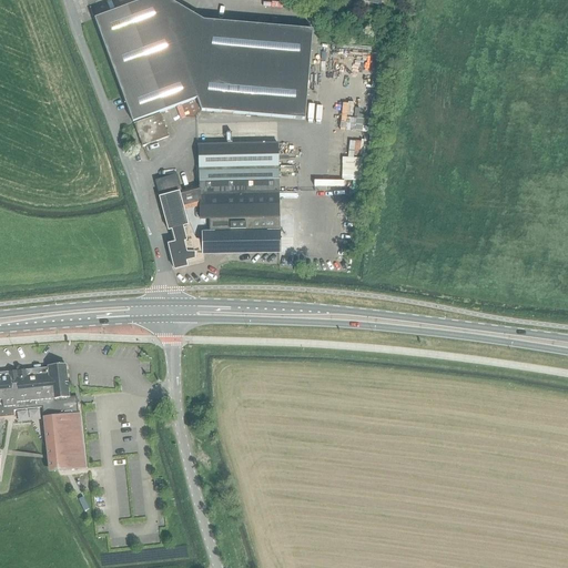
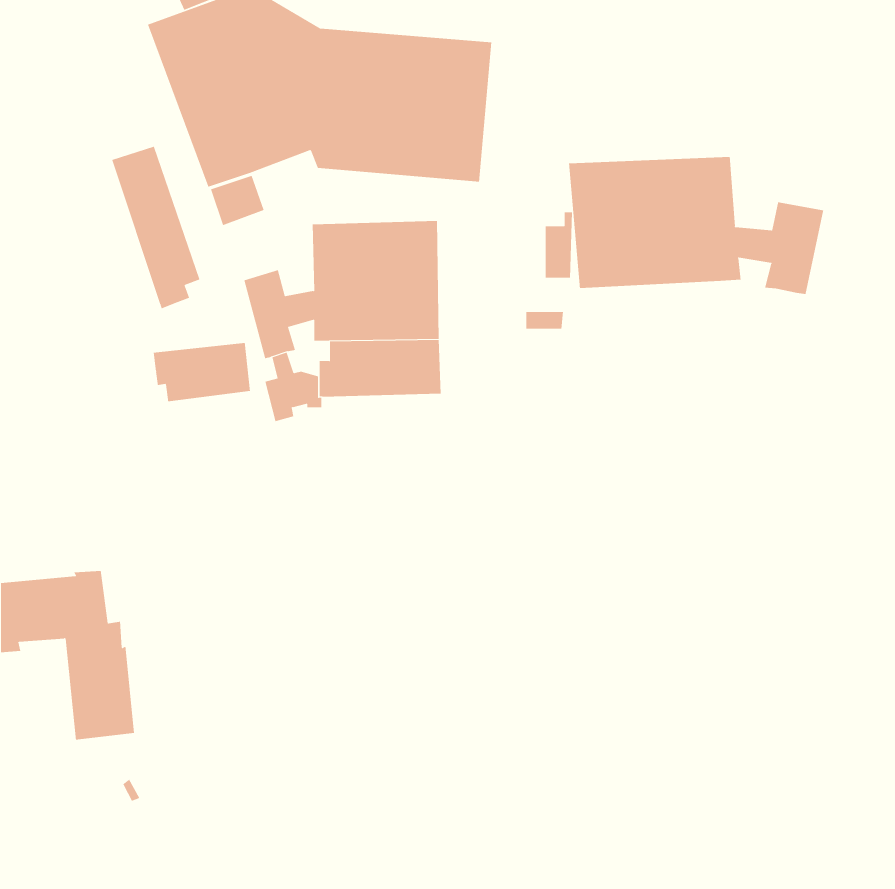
building: none -> [112,146,200,309]
building: none -> [568,156,824,295]
building: none -> [153,342,250,402]

